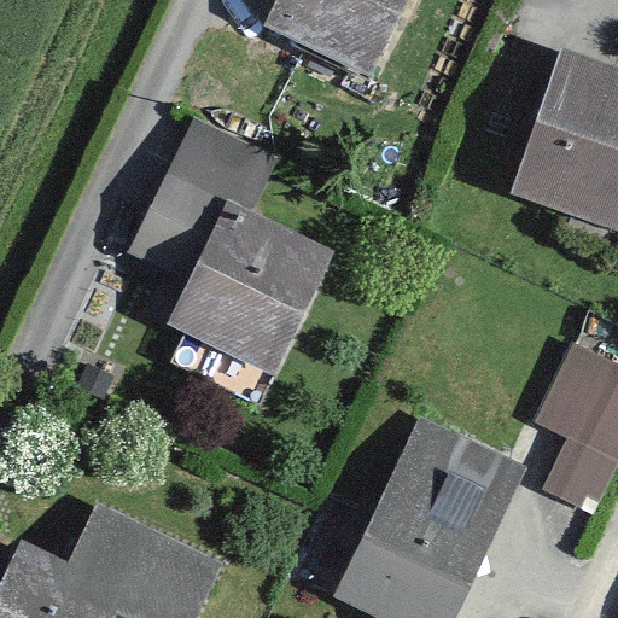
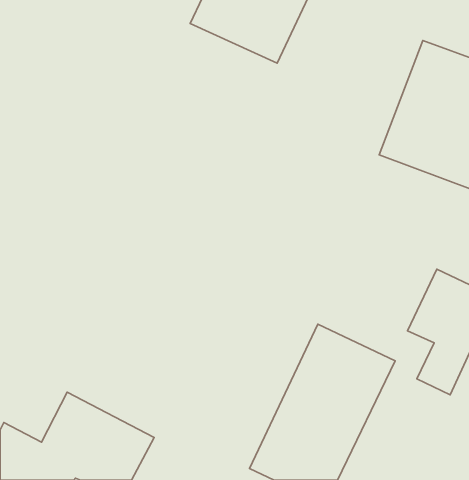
building: [134,122,331,401] -> none

